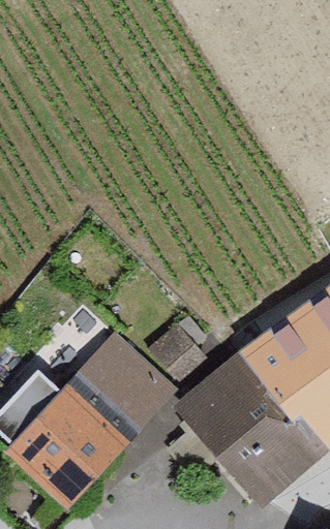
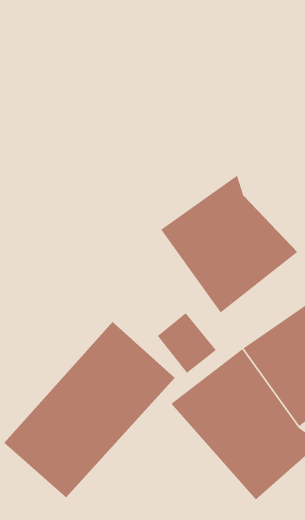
building: none -> [160,175,298,314]

